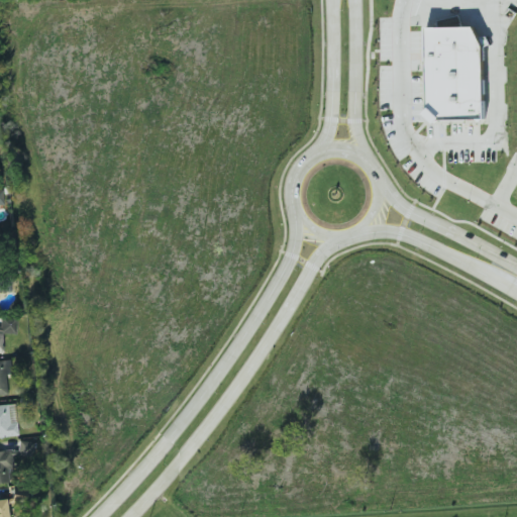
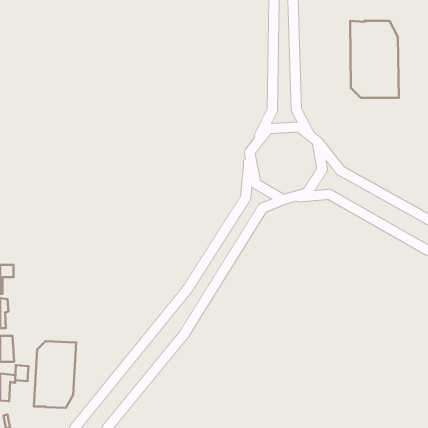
building: none -> [34,341,76,408]

